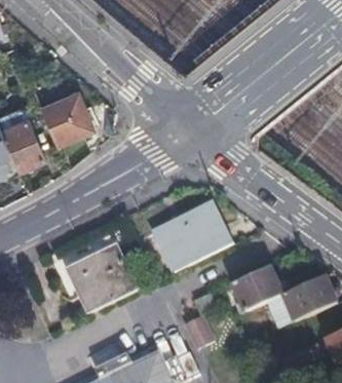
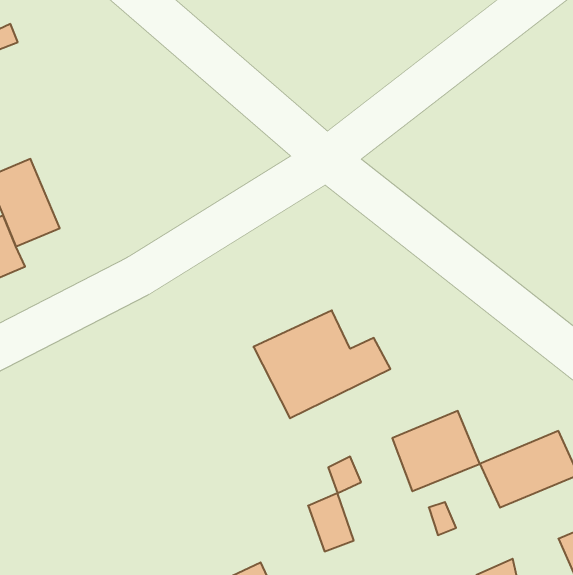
building: [43,97,93,148] -> none
building: [67,246,134,310] -> none

